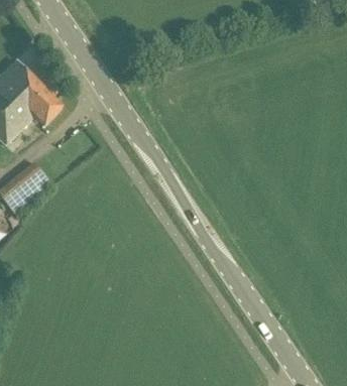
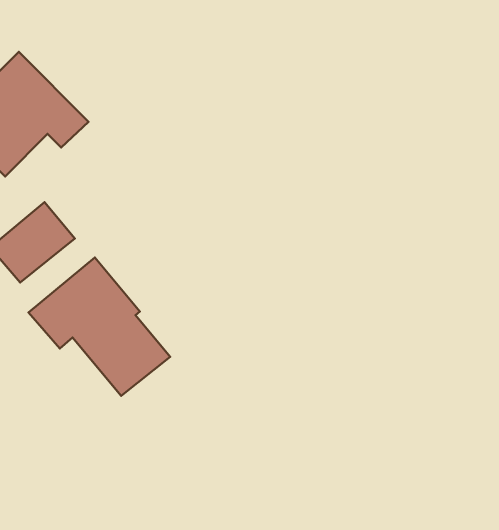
building: none -> [29,257,170,396]

